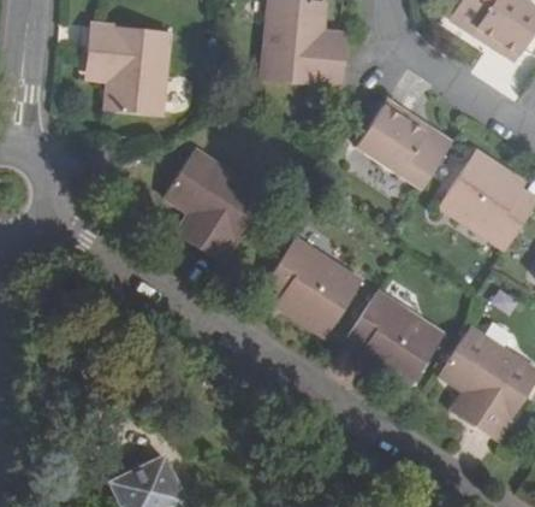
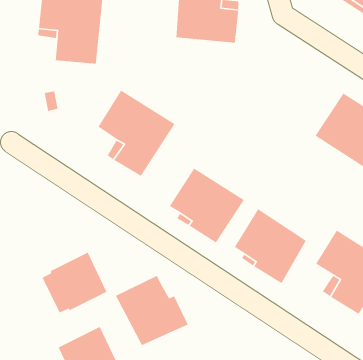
building: [355,96,451,189] -> none
building: none -> [41,251,107,314]
building: none -> [115,275,189,346]

